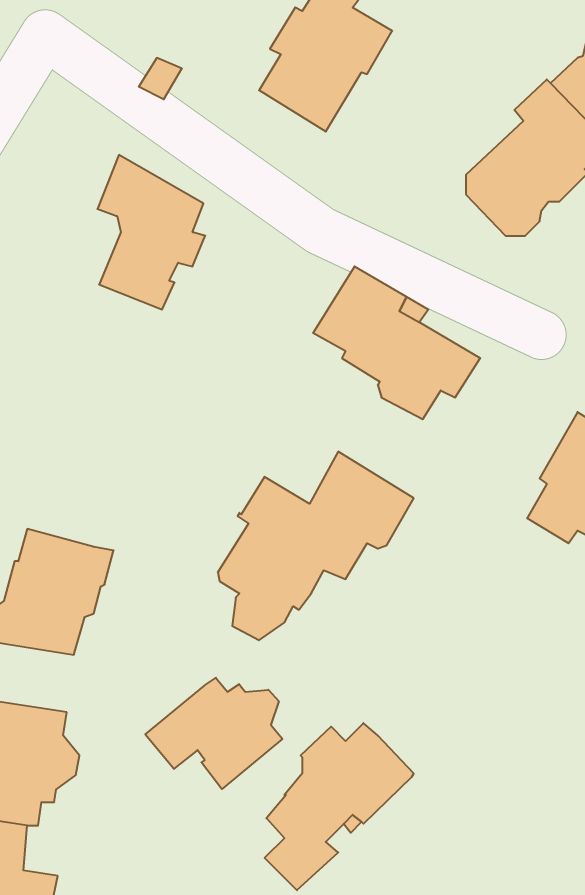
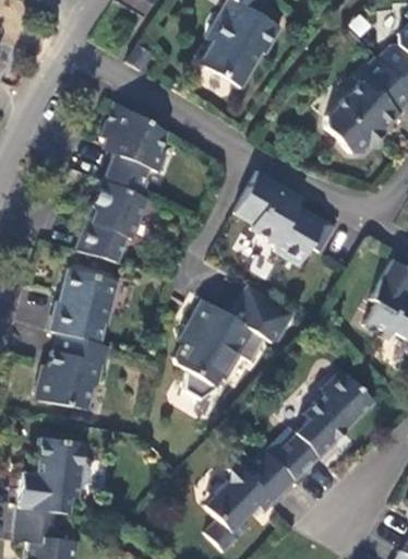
building: none -> [80,181,147,259]
building: none -> [50,265,118,341]
building: none -> [272,367,372,478]
building: [145,678,282,789] -> none

